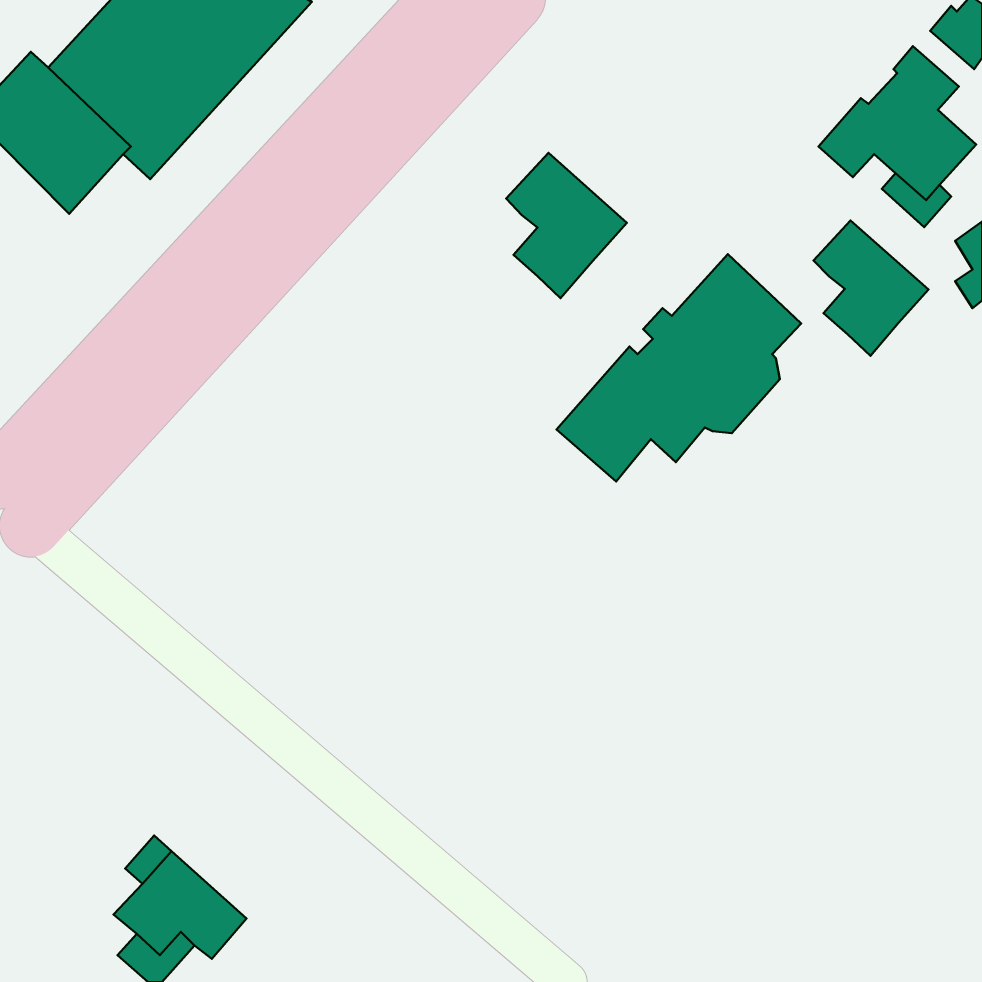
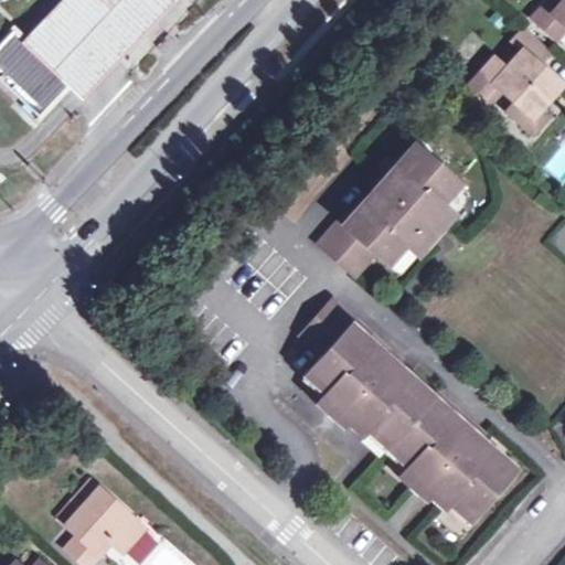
building: [506,153,627,298] -> none
building: [813,220,929,356] -> none
building: none -> [300,301,511,520]

